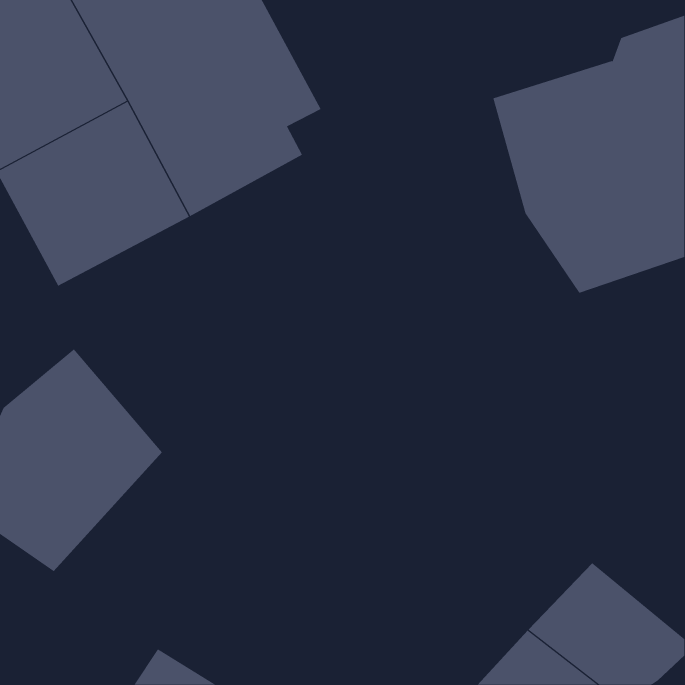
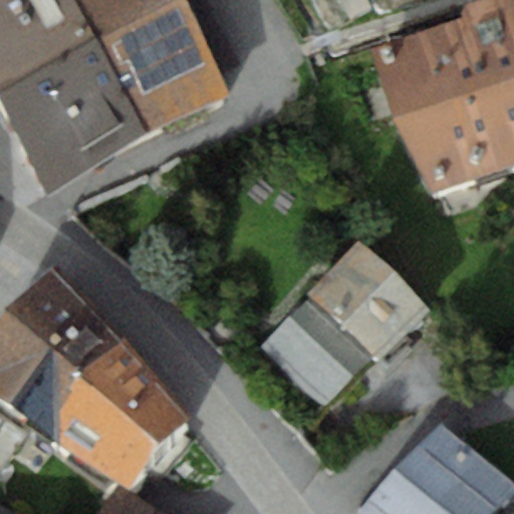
building: none -> [259,240,425,406]
building: none -> [40,337,189,486]

